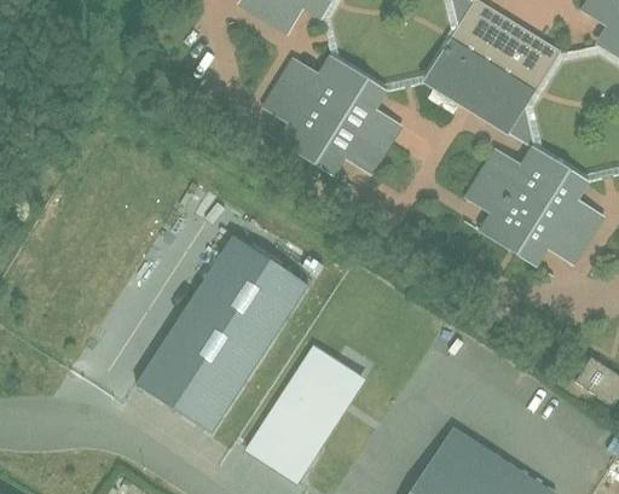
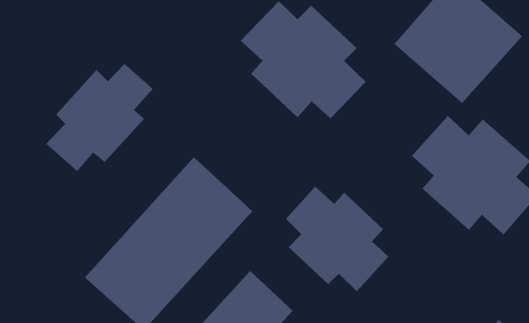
building: none -> [46,63,154,172]
building: none -> [285,186,389,292]

